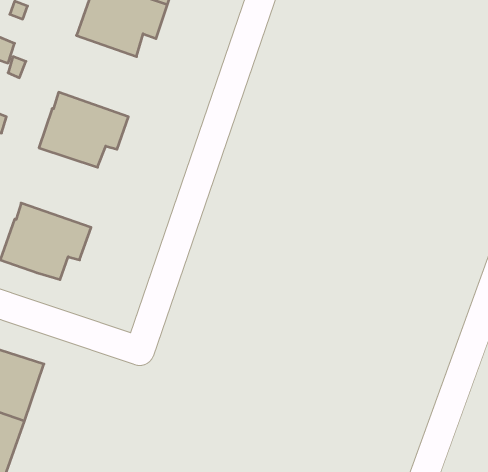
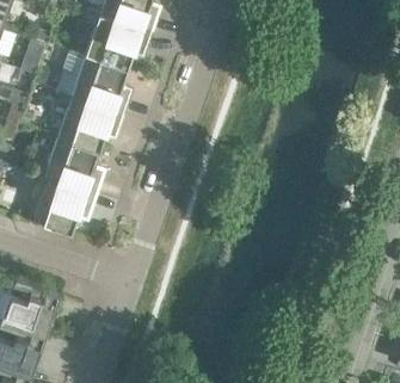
building: none -> [69,55,129,115]
building: none -> [42,137,101,196]

